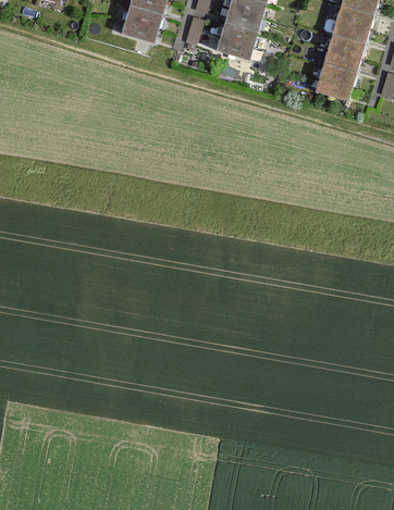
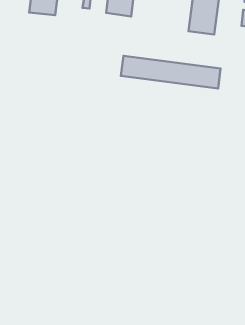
building: none -> [121,56,221,89]

